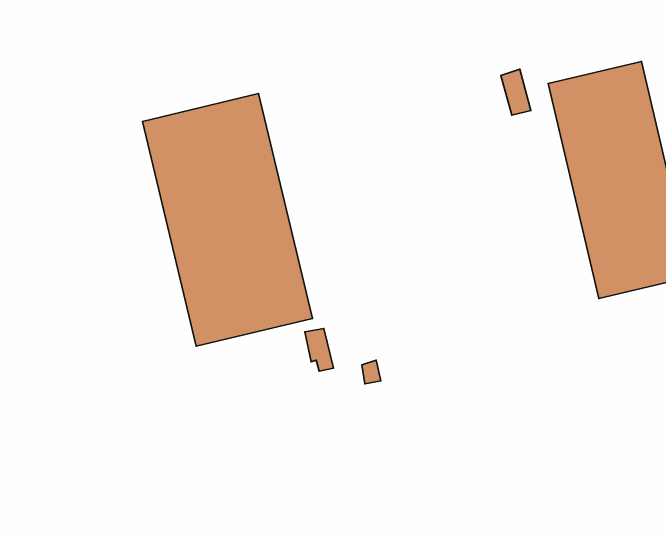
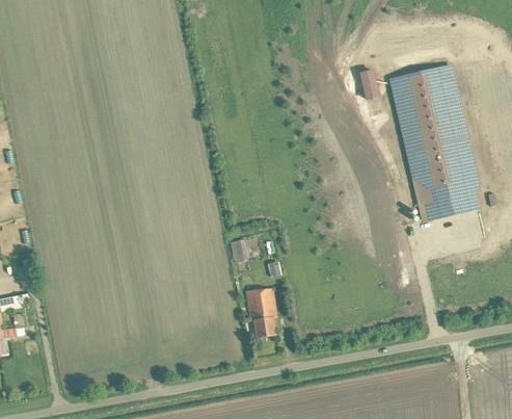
building: [142,94,312,346] -> none
building: none -> [244,287,275,338]

